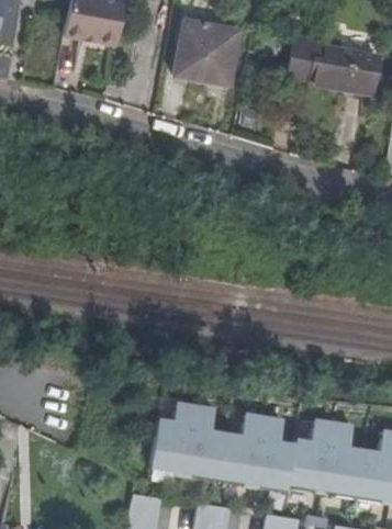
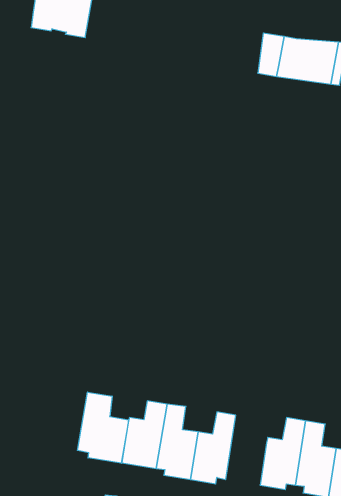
building: [173,19,237,82] -> none
building: none -> [77,392,128,463]
building: [256,417,296,492] -> none

